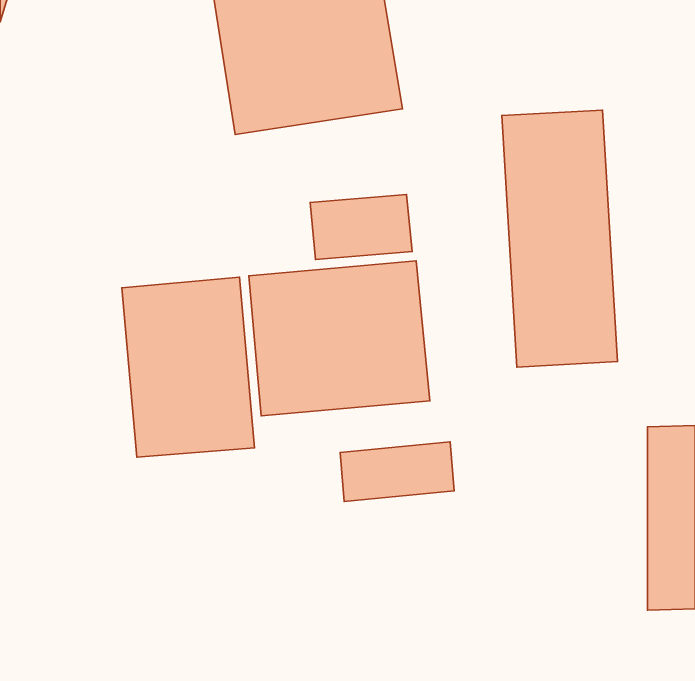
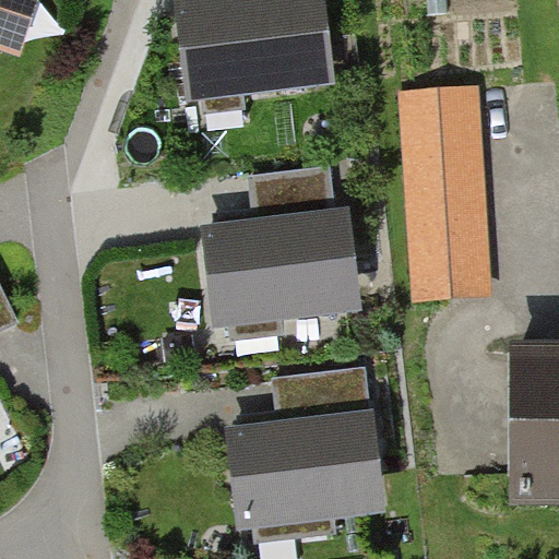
building: [122,277,255,457] -> none
building: none -> [231,401,378,528]

